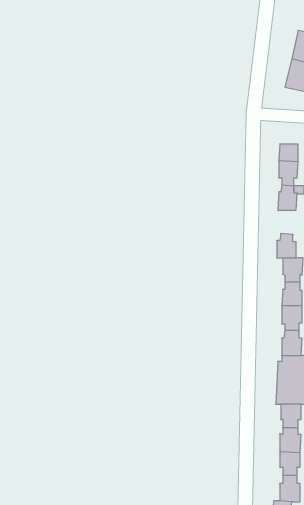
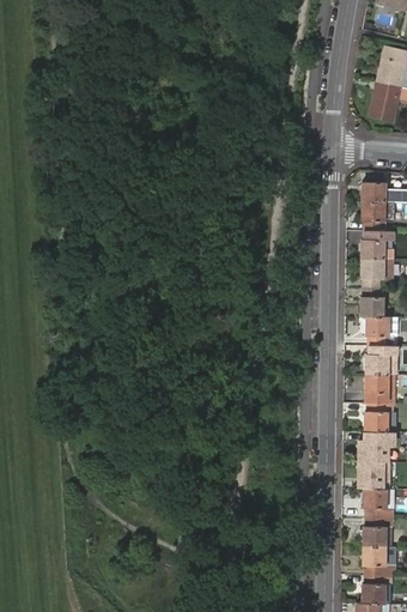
building: none -> [360,260,382,289]

